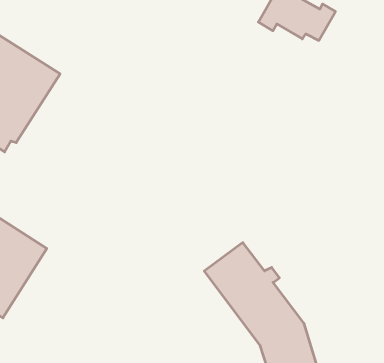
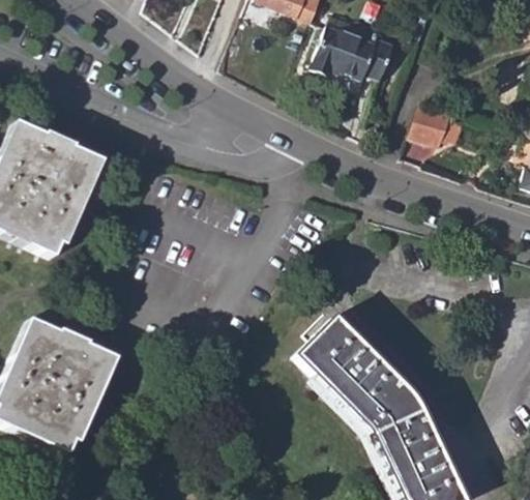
building: none -> [415,102,459,147]

